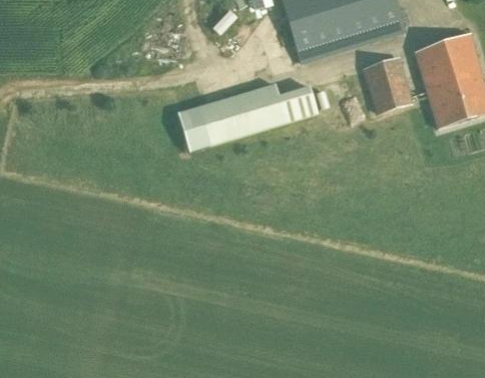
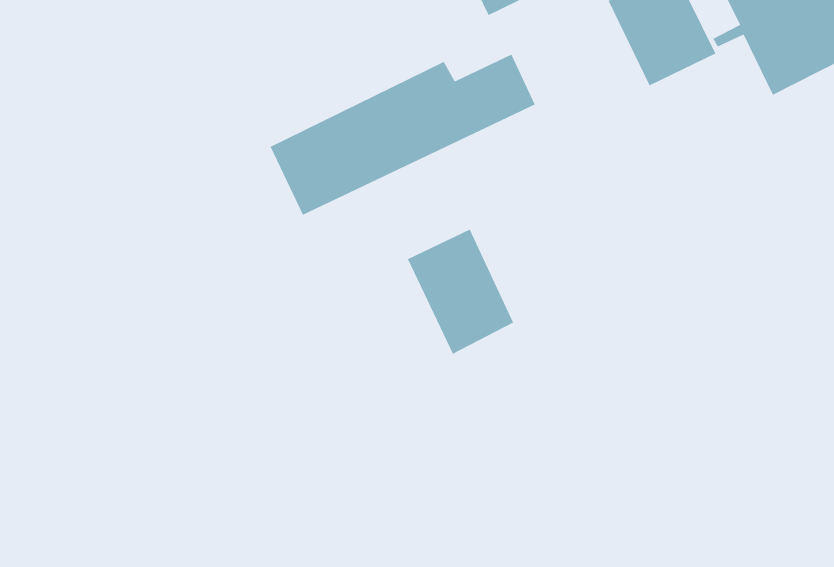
building: none -> [407,229,514,355]

